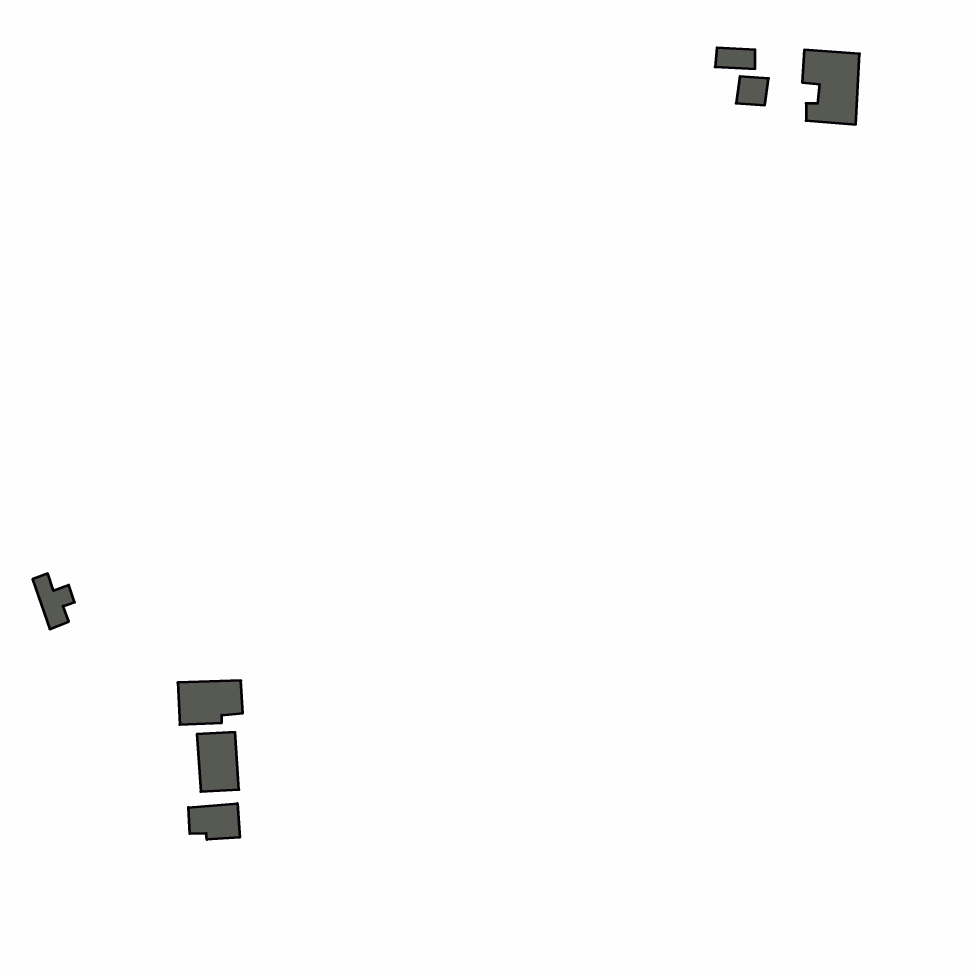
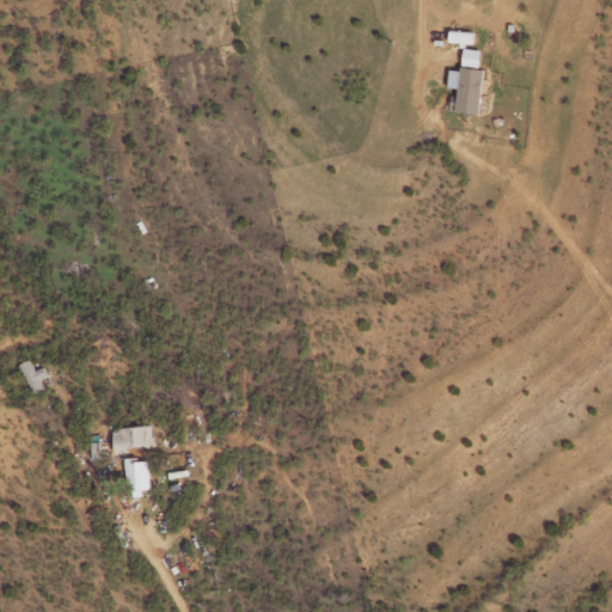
building: [802,50,860,124] -> [446,67,482,114]
building: [188,803,240,840] -> none

